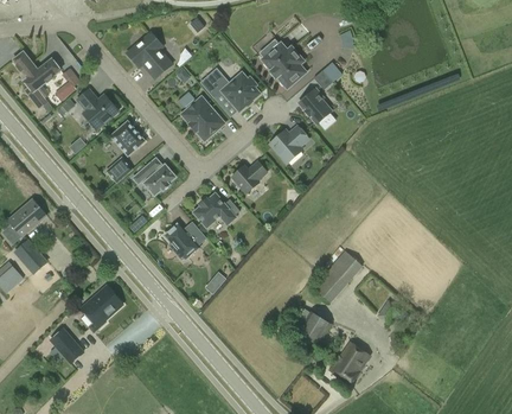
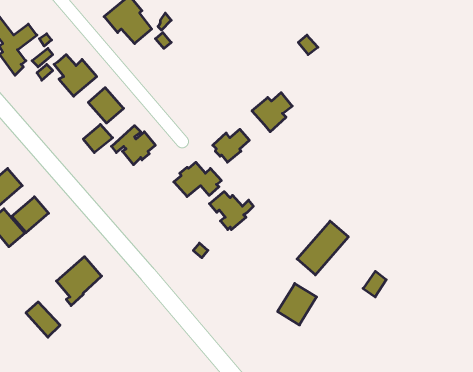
building: [262,42,306,87] -> none
building: [200,70,261,110] -> none
building: [299,88,332,122] -> none
building: [181,95,220,140] -> none
building: [164,222,206,259] -> [209,192,253,230]
building: none -> [12,197,49,233]
building: [328,340,370,384] -> none

